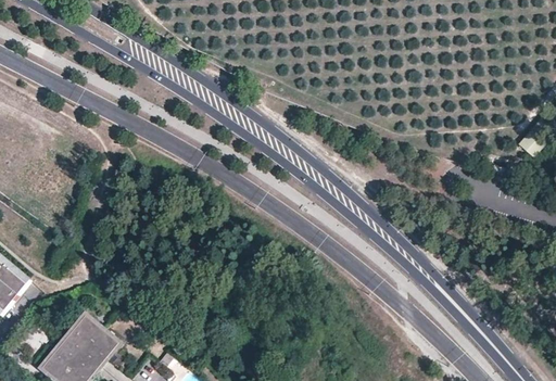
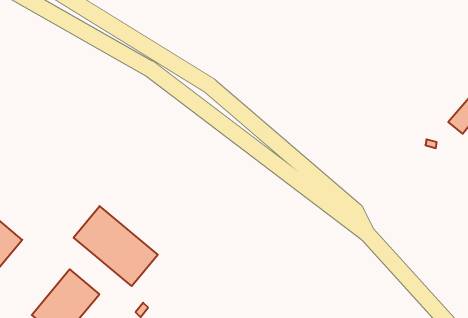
building: none -> [74,206,158,286]

